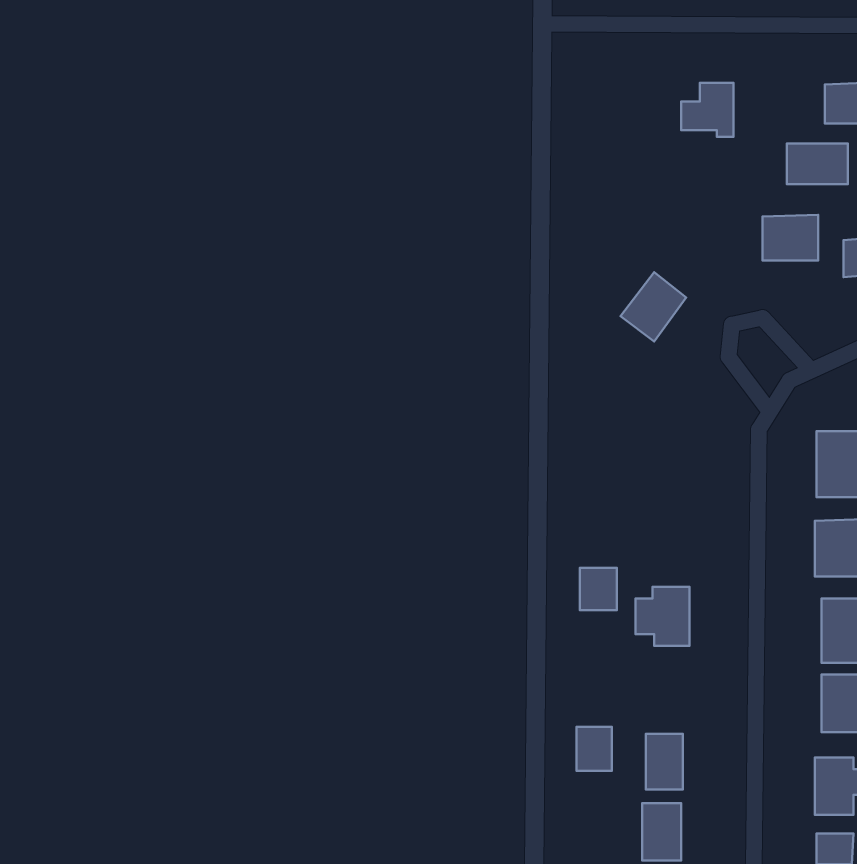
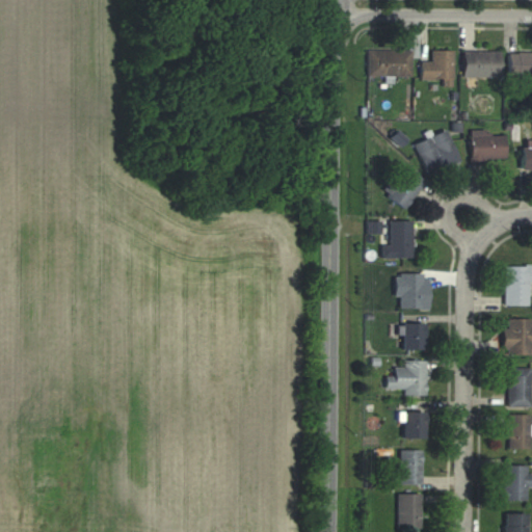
building: none -> [369,51,414,77]
building: [787,144,848,184] -> [466,52,503,77]
building: none -> [418,132,460,174]
building: none -> [369,221,414,258]
building: none -> [398,274,429,309]
building: [580,568,617,610] -> [403,324,426,350]
building: [576,727,612,771] -> [404,413,426,440]

